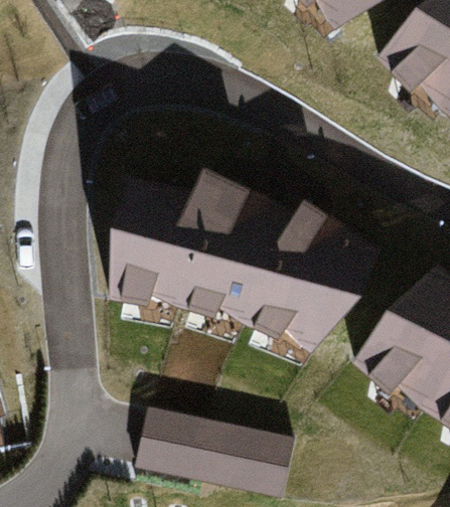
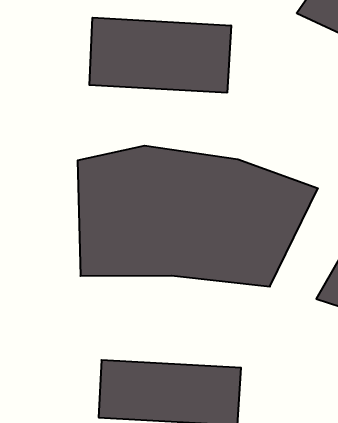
building: none -> [89,18,231,93]

